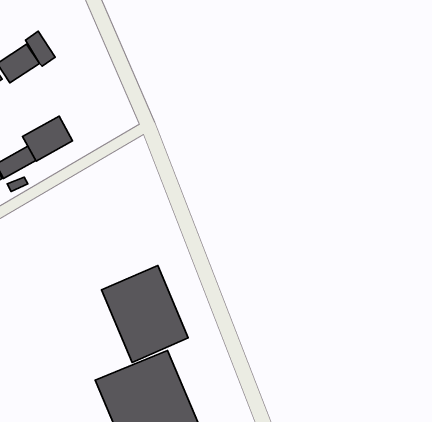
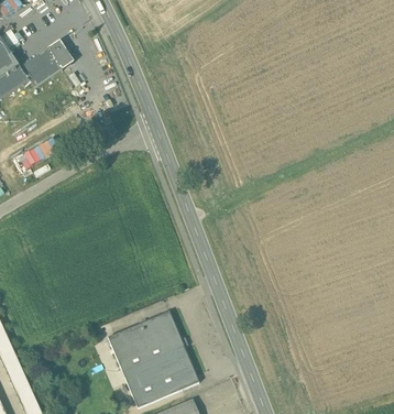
building: [23,116,72,161] -> none
building: [102,266,188,362] -> none

